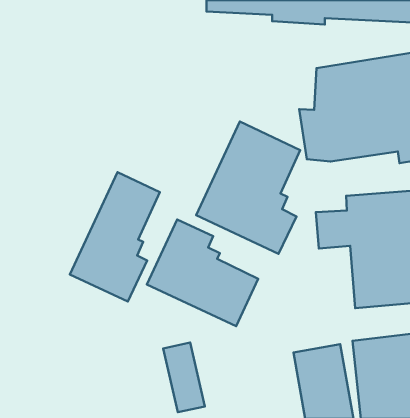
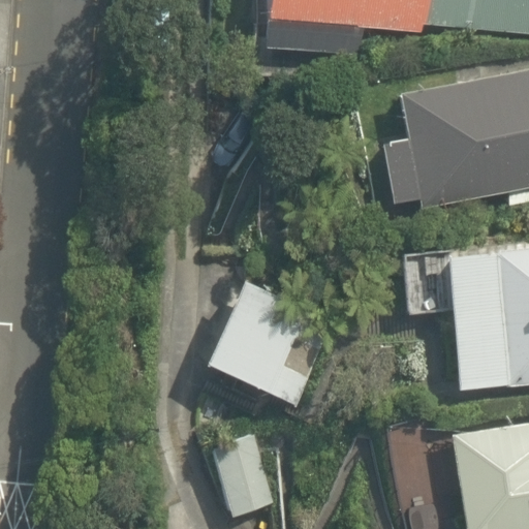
building: [196,122,300,254] -> none
building: [70,172,160,301] -> none

